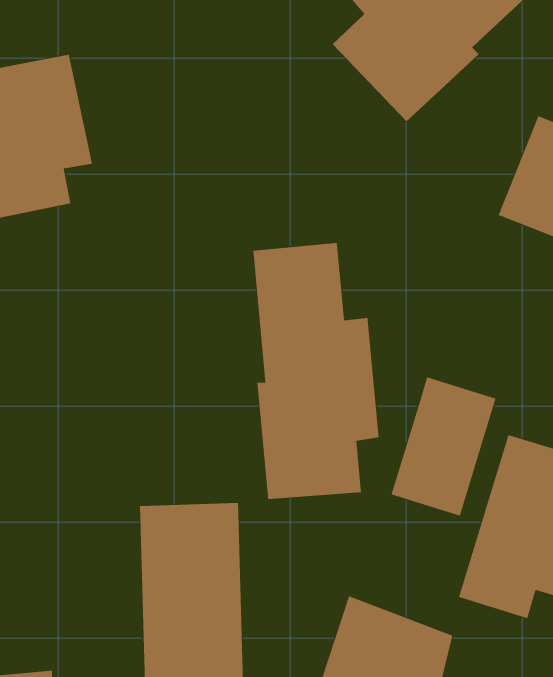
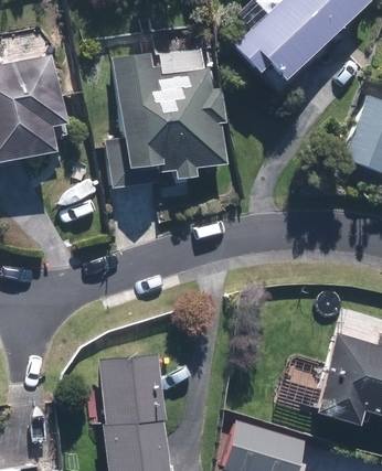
building: none -> [106,51,227,191]
building: [253,242,379,500] -> none
building: [391,376,496,516] -> none

